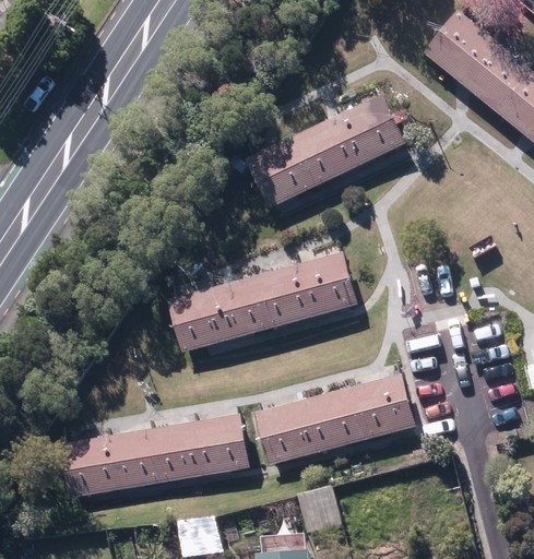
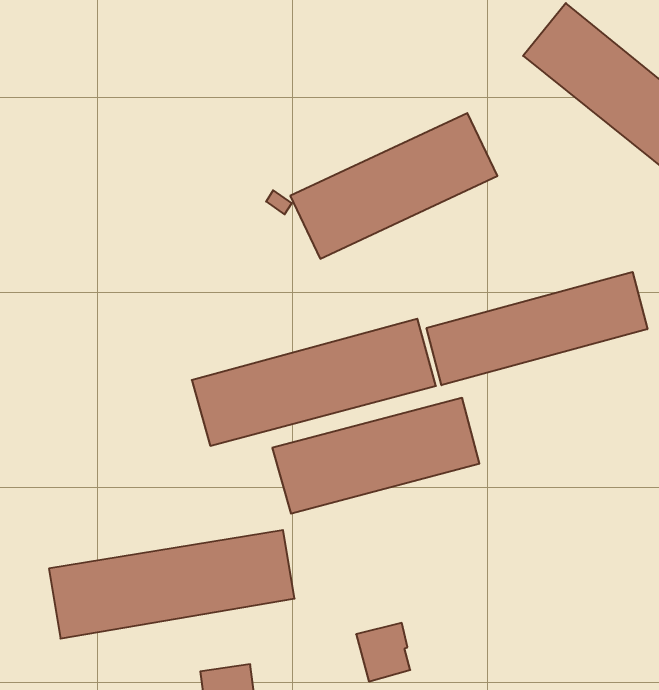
building: none -> [427,272,647,385]
building: [257,374,415,463] -> [272,398,479,514]

